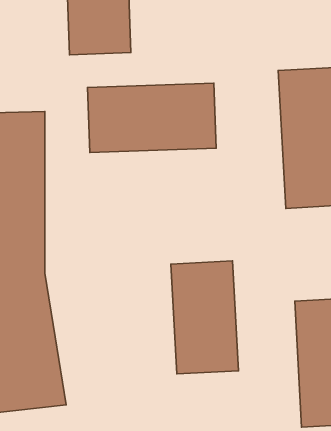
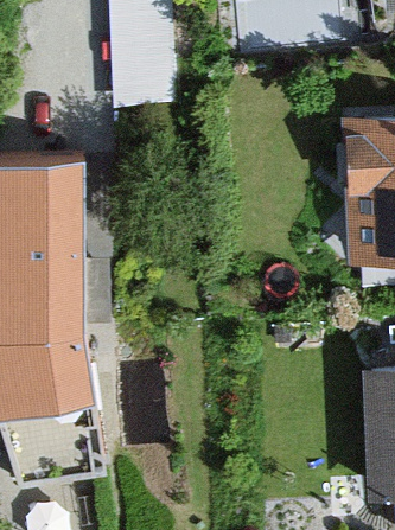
building: [87,83,216,153] -> none
building: [171,261,238,374] -> none

